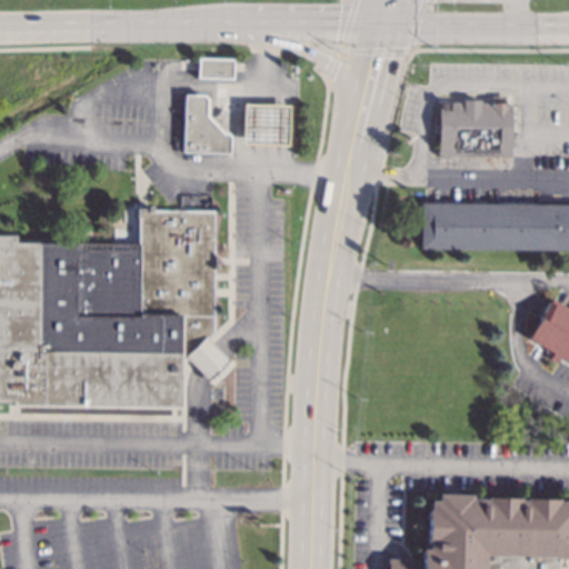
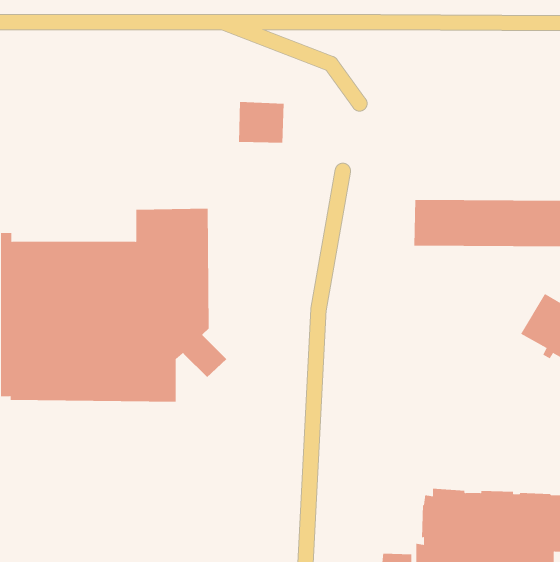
building: [199,59,233,79] -> none
building: [183,94,231,153] -> none
building: [439,99,512,158] -> none

